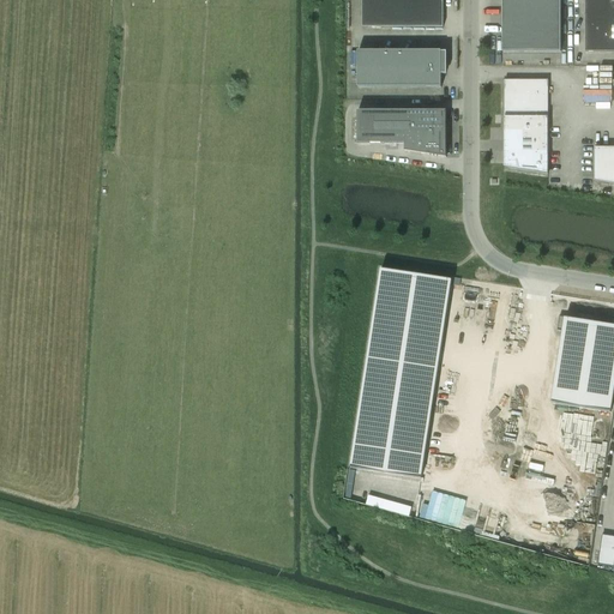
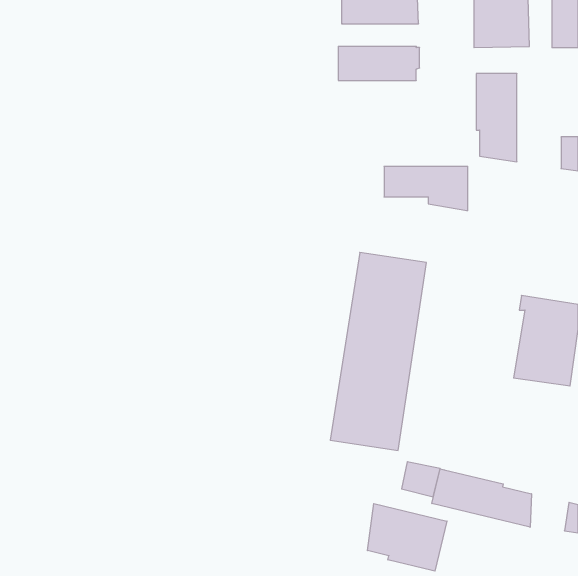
building: [357,109,446,156] -> [384,166,468,211]
building: none -> [432,469,531,527]
building: none -> [367,504,447,571]

